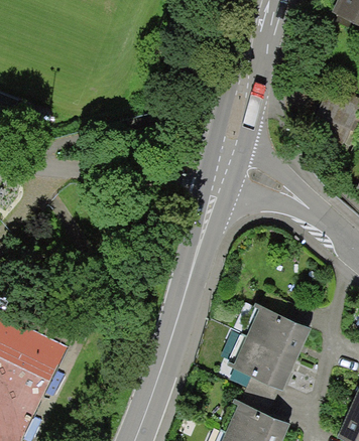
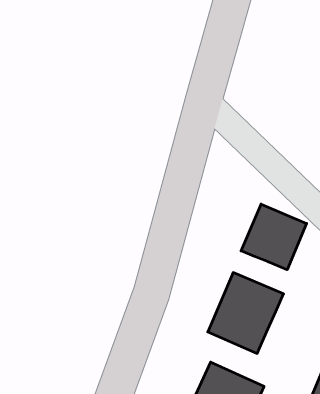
building: none -> [241,204,307,270]

